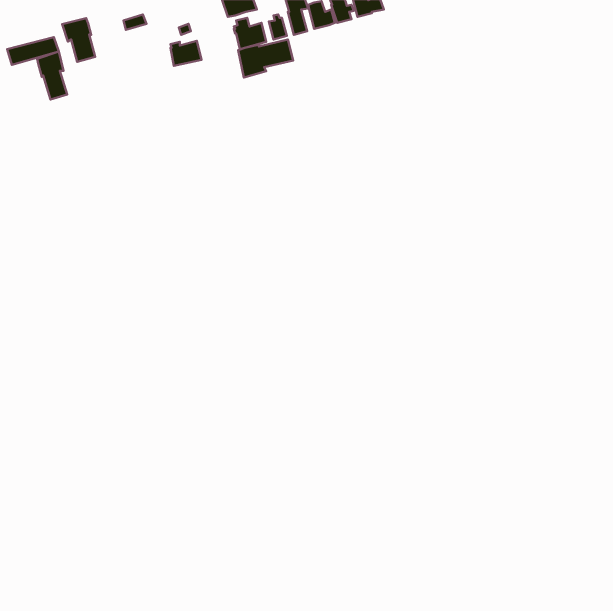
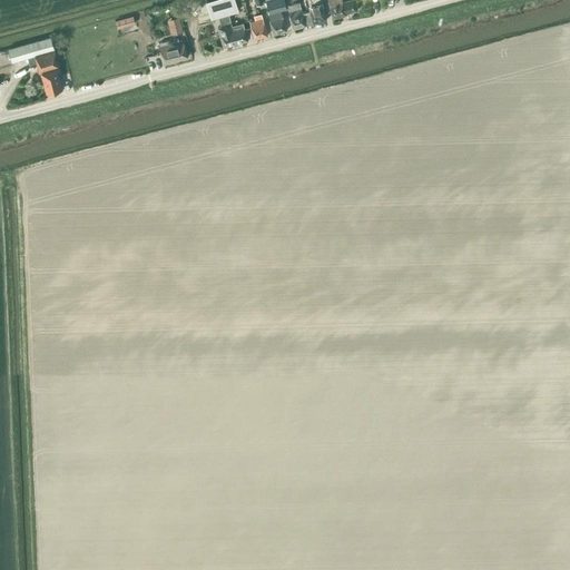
building: [62,18,95,62] -> none
building: [238,40,293,78] -> none

